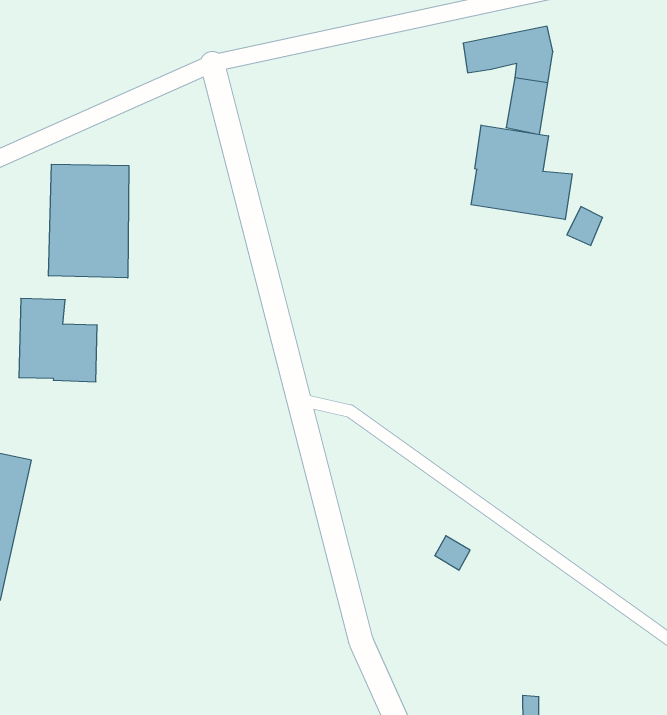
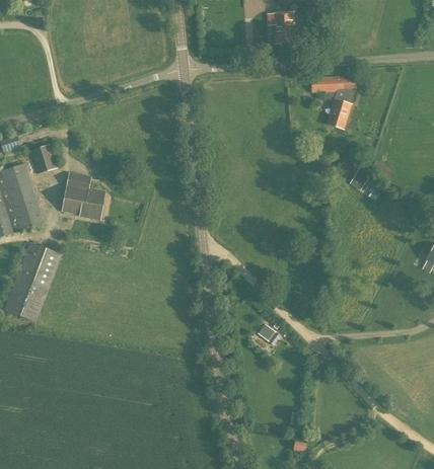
building: [471,125,572,220] -> none
building: [49,164,129,278] -> none

